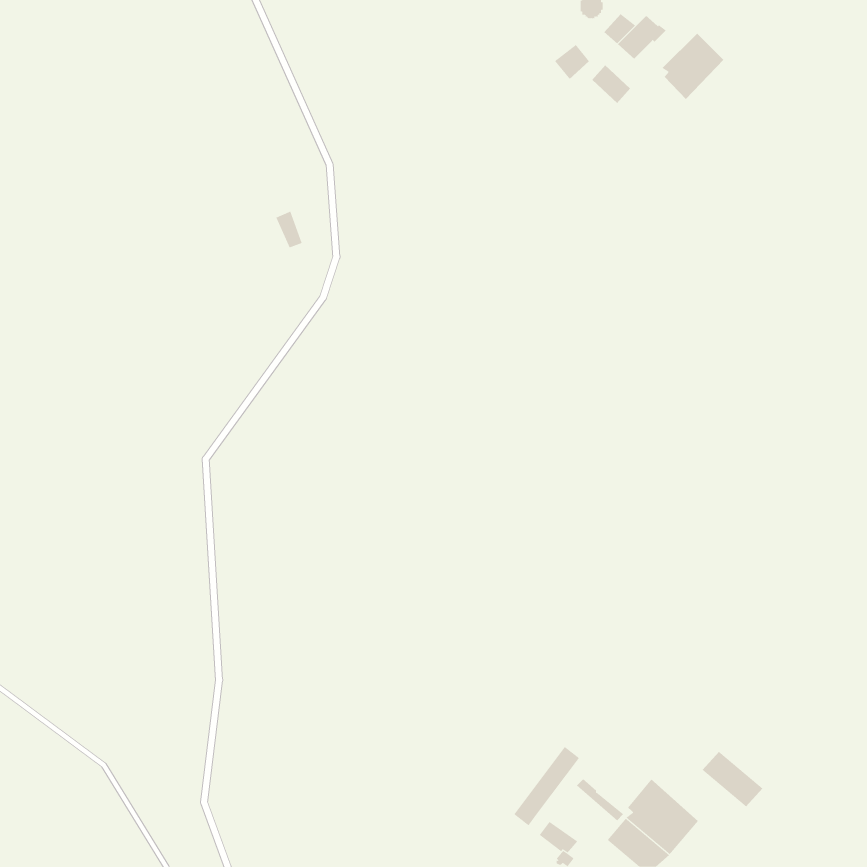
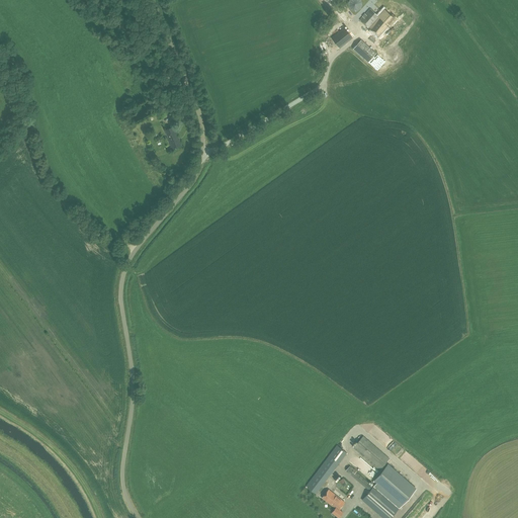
building: [662,33,724,100] -> none
building: [702,751,763,807] -> [352,435,388,468]

